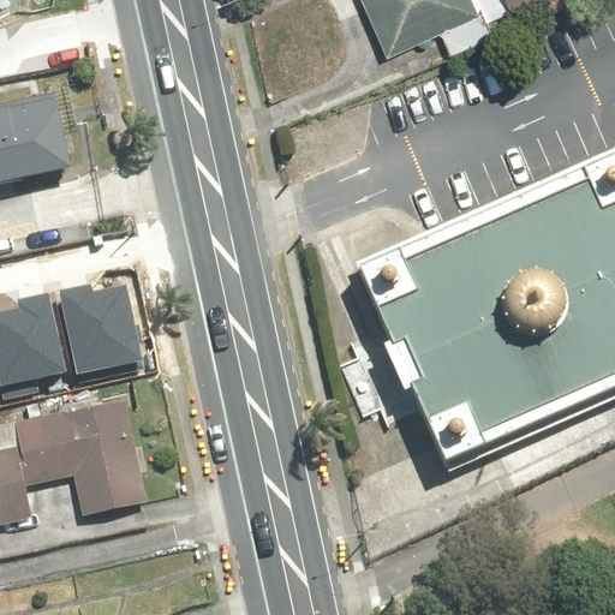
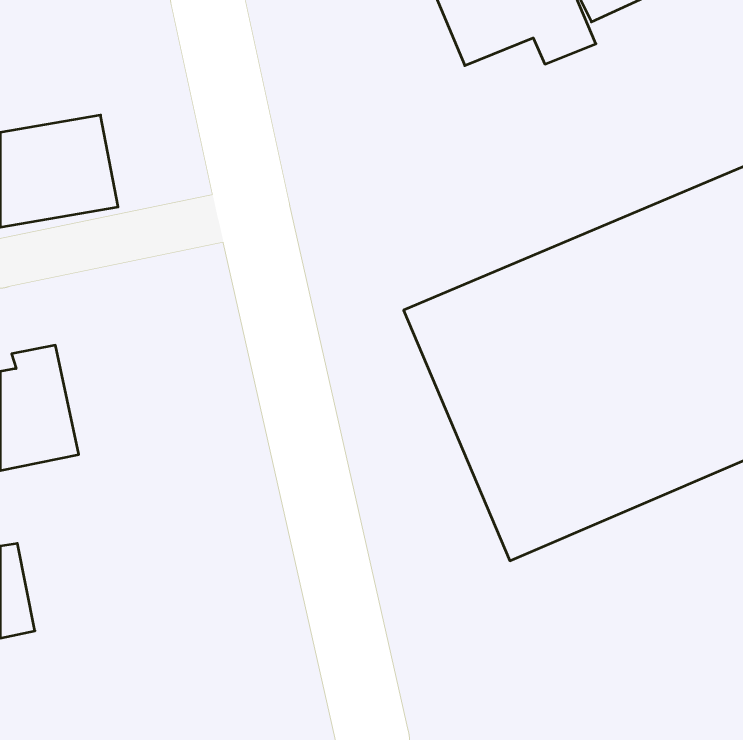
building: [55,277,142,376] -> none
building: [16,402,147,515] -> none

